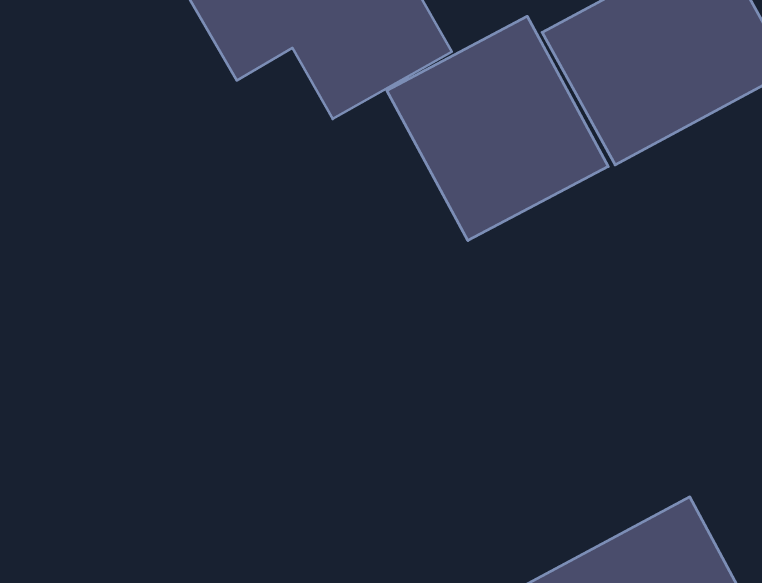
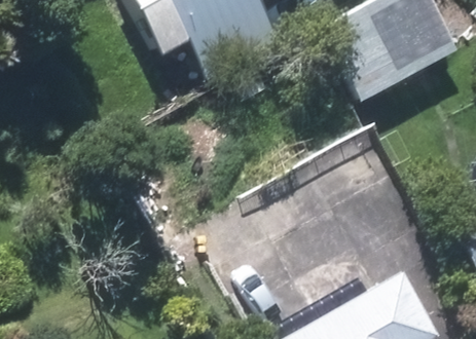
building: [387,16,608,241] -> none

